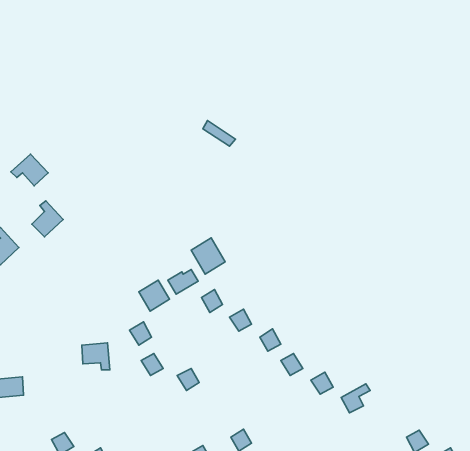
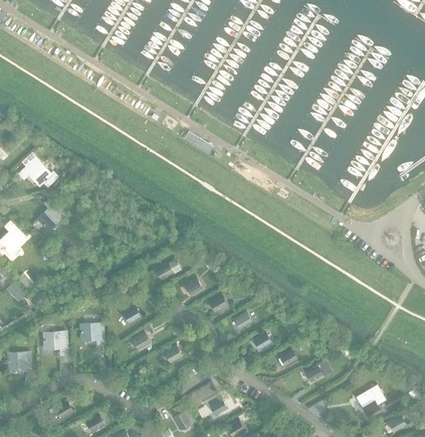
building: [191,238,225,274] -> none
building: [139,280,169,311] -> none
building: none -> [43,331,67,354]

